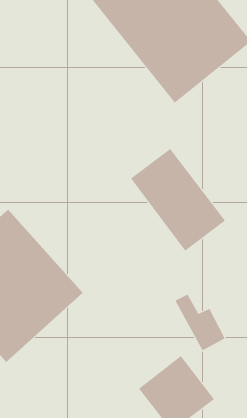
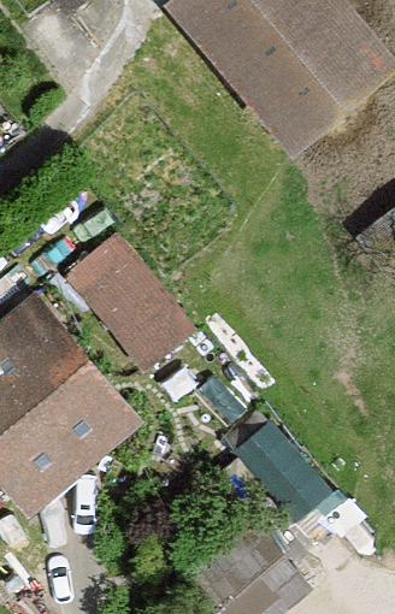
building: [130,148,226,252] -> [72,217,210,365]

